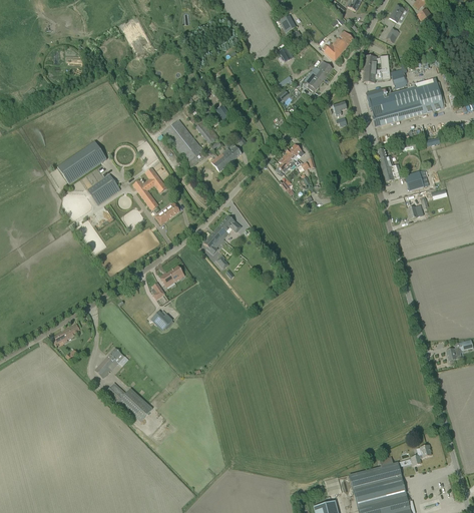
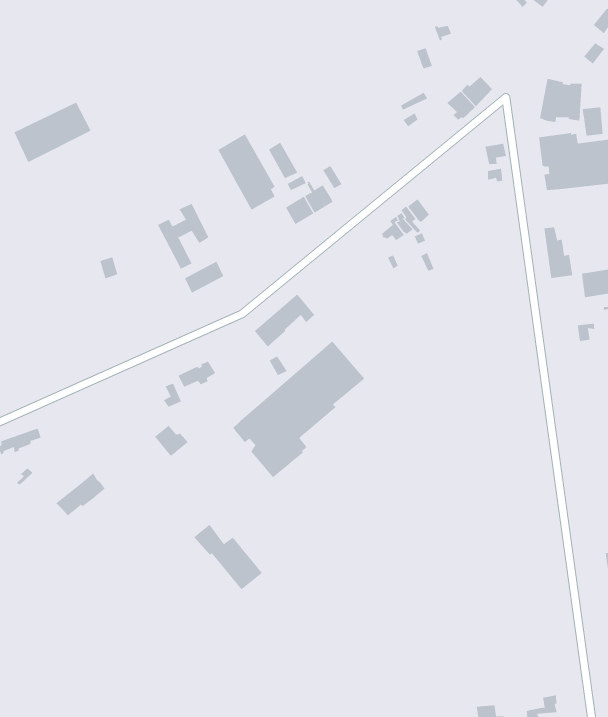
building: [324,31,353,60] -> none
building: [57,141,106,184] -> [13,102,91,163]
building: [87,173,120,204] -> none
building: none -> [233,341,365,478]
building: [105,382,152,421] -> [193,524,263,590]

